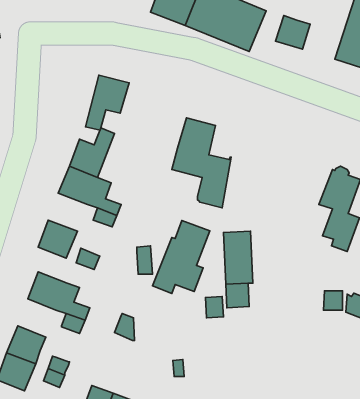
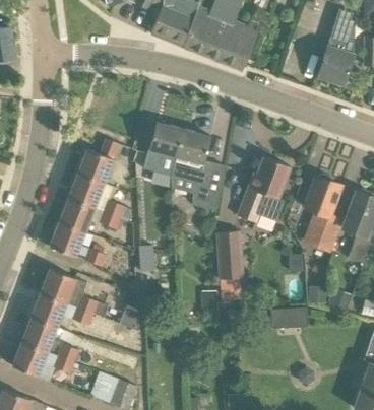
building: [275,15,310,49] -> none
building: [85,75,129,130] -> [144,122,184,172]
building: none -> [59,197,95,231]
building: [153,221,210,294] -> [238,156,290,222]
building: none -> [32,292,66,327]
building: none -> [271,308,308,328]

